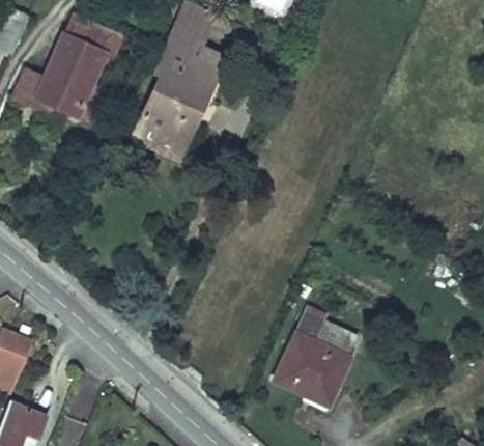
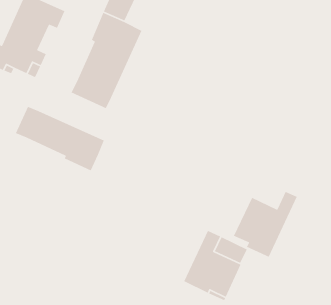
building: none -> [15,106,105,172]
building: none -> [233,191,298,258]

